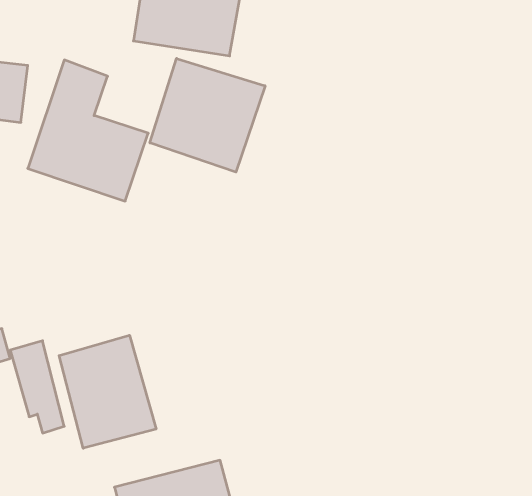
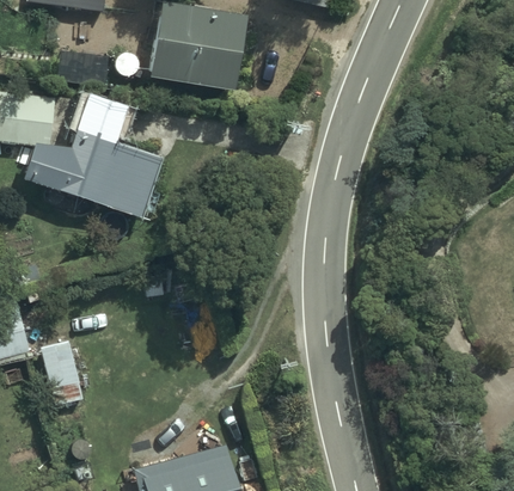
building: [150,58,265,172] -> none
building: [59,335,156,448] -> none

